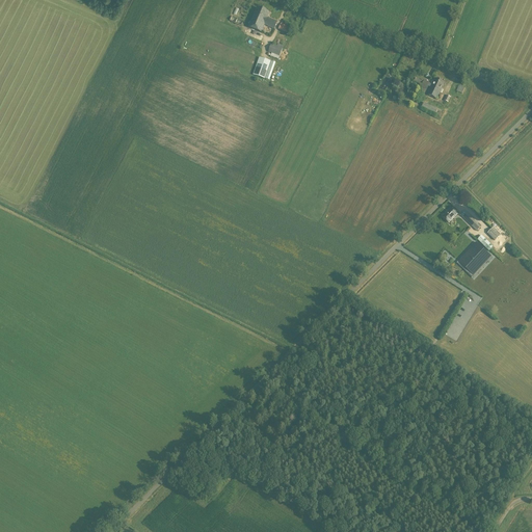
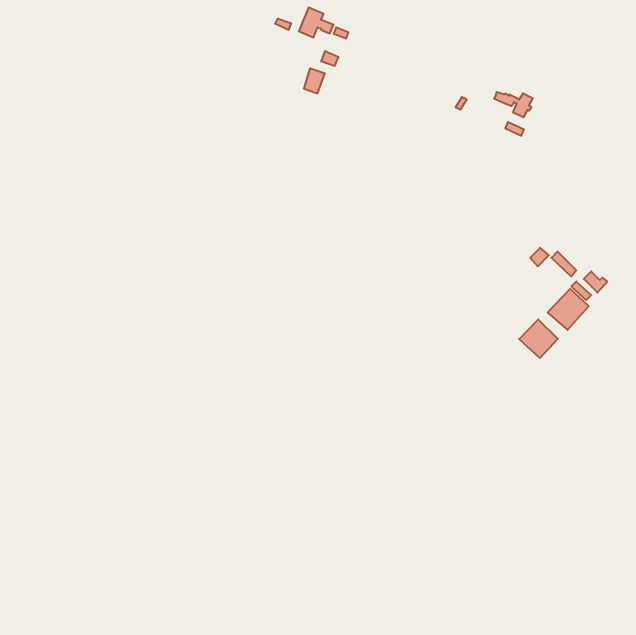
building: none -> [519,319,558,358]

